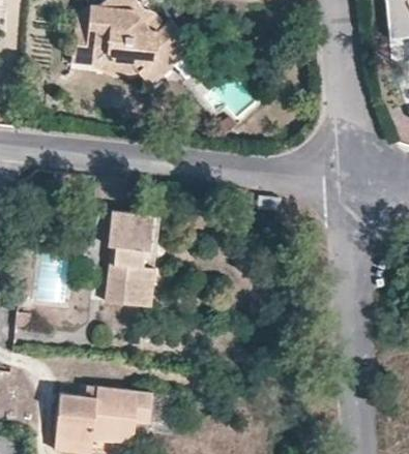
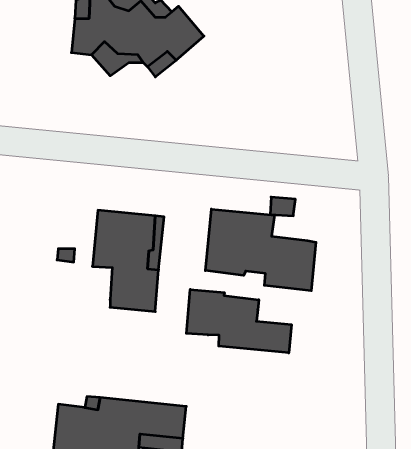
building: none -> [205,209,316,291]
building: none -> [186,289,291,353]

